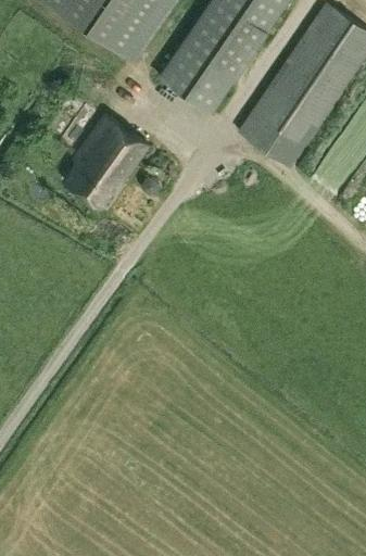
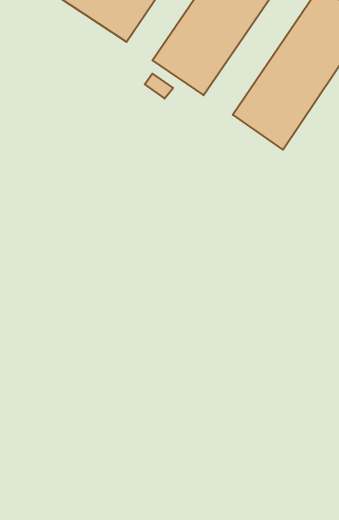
building: [63,114,147,205] -> none

